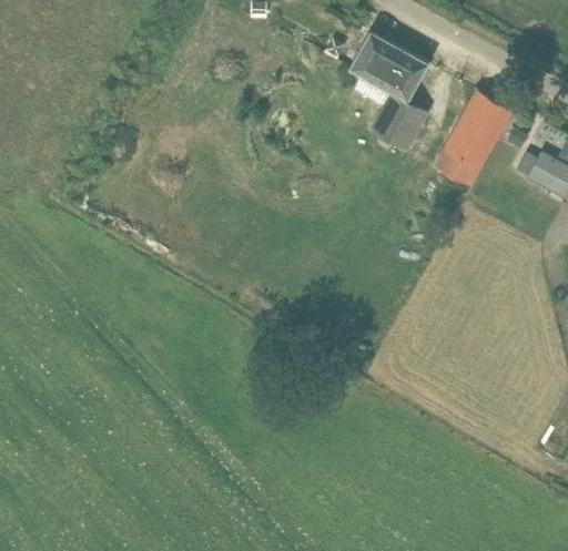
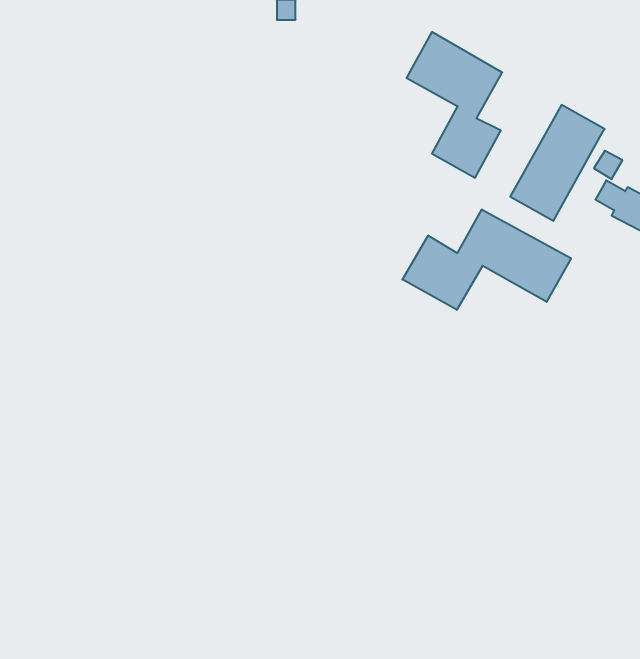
building: none -> [402,209,571,310]

